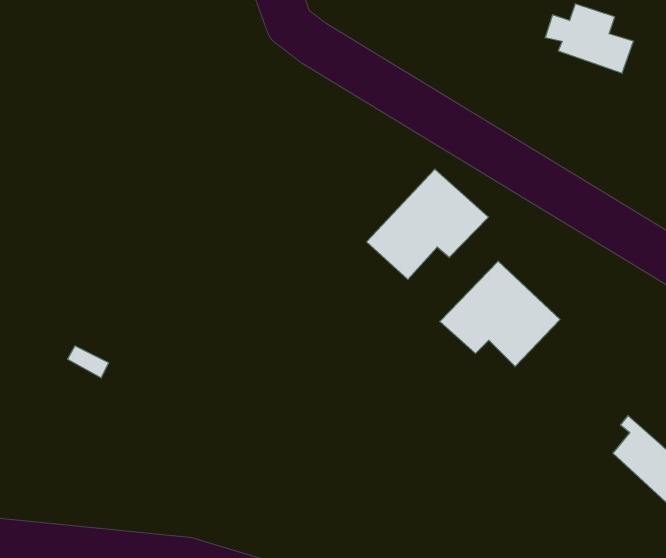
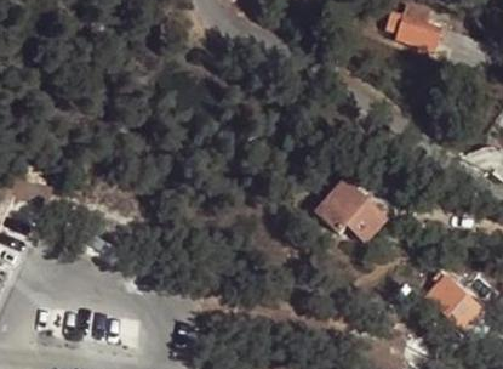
building: [367,169,488,280] -> none

